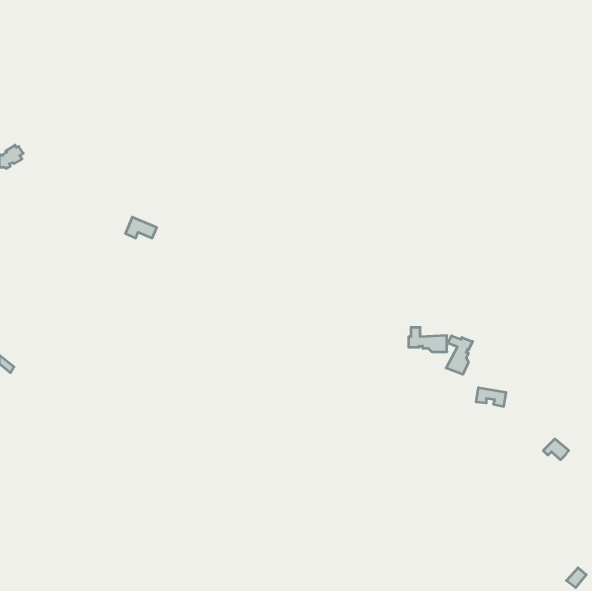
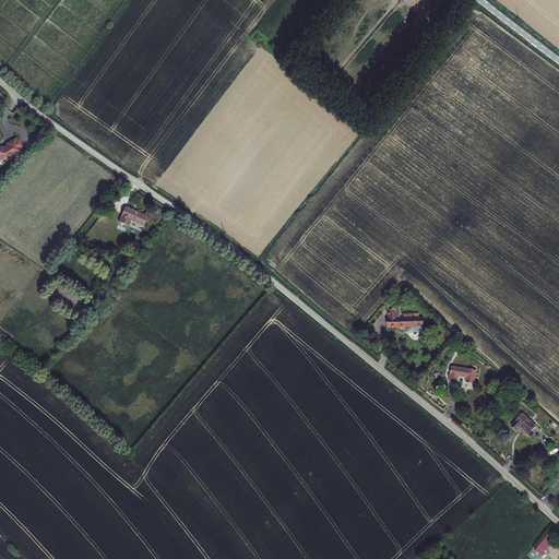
building: [446,336,473,374] -> none

